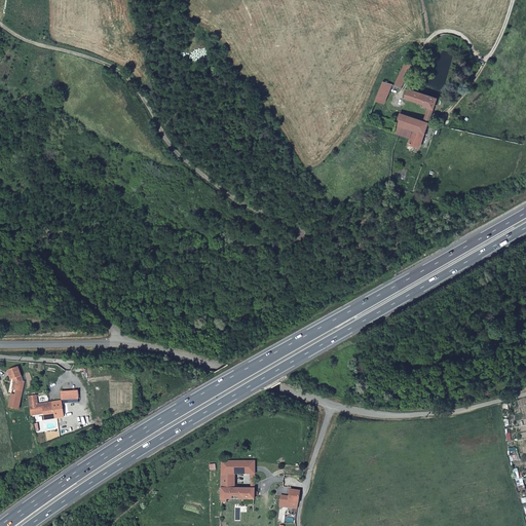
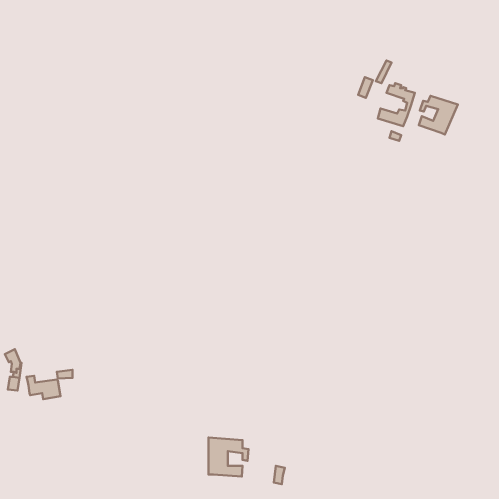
building: none -> [419,96,458,135]

